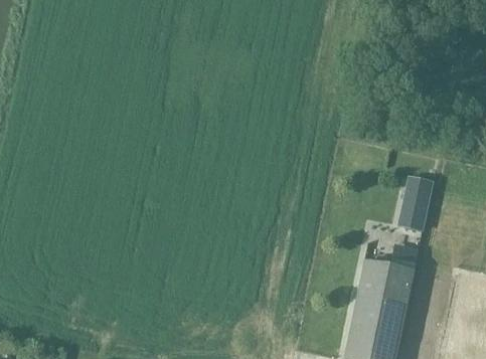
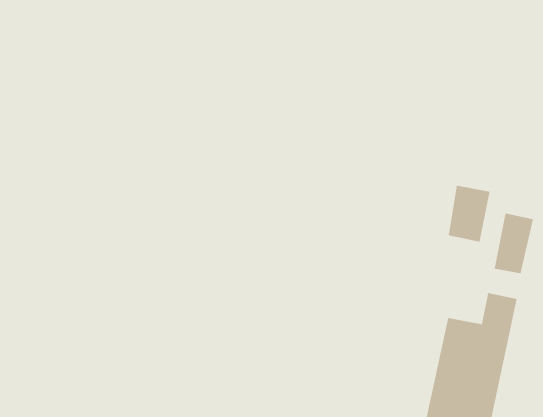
building: none -> [448,185,490,243]

